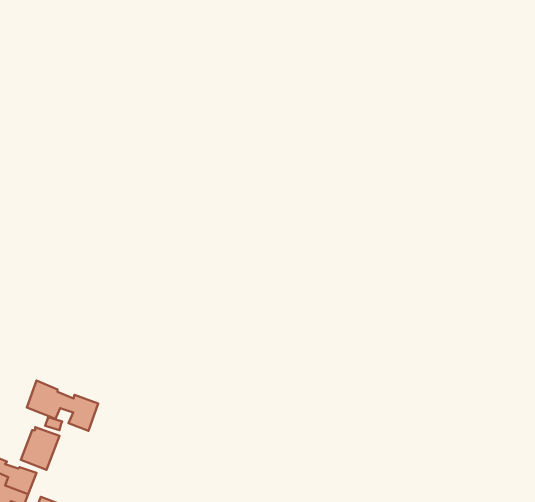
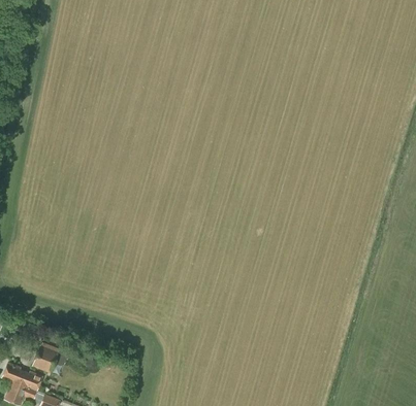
building: [27,380,98,431] -> none

